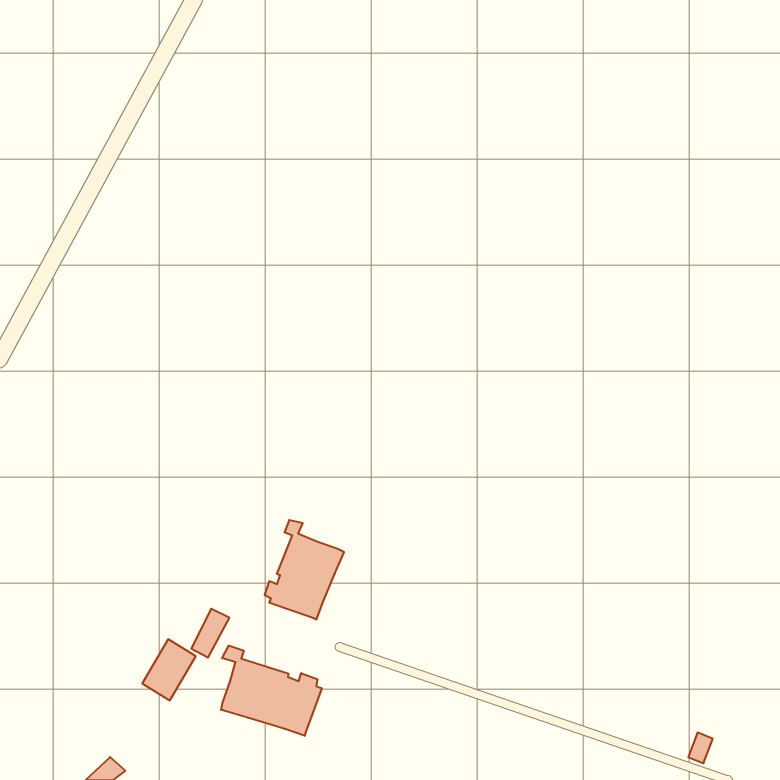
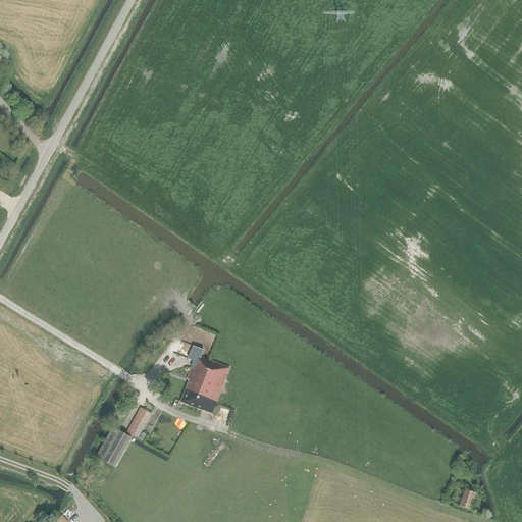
building: [221,646,322,736] -> none

